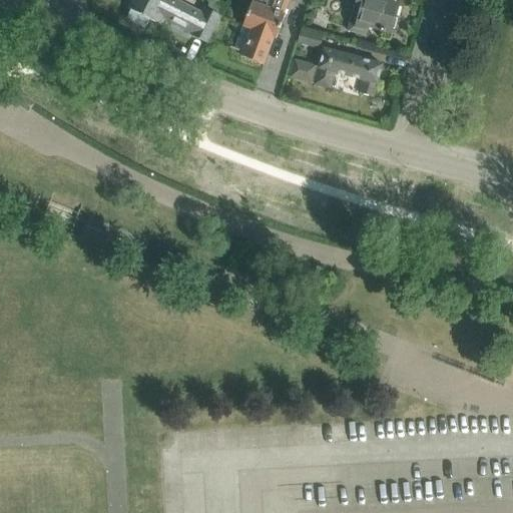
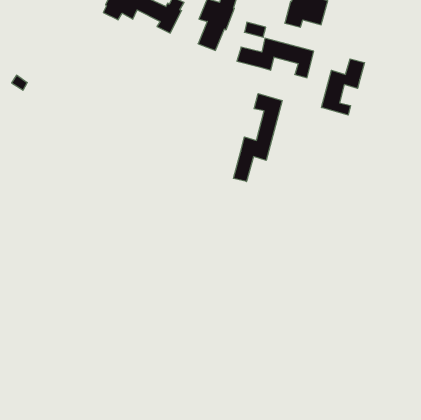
building: none -> [322,59,365,115]
building: none -> [233,94,282,182]

